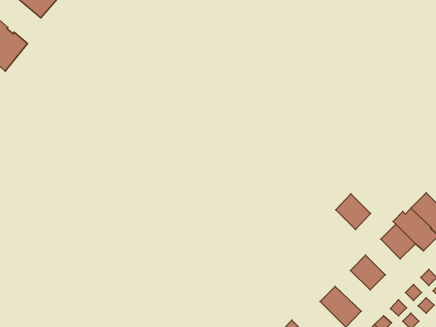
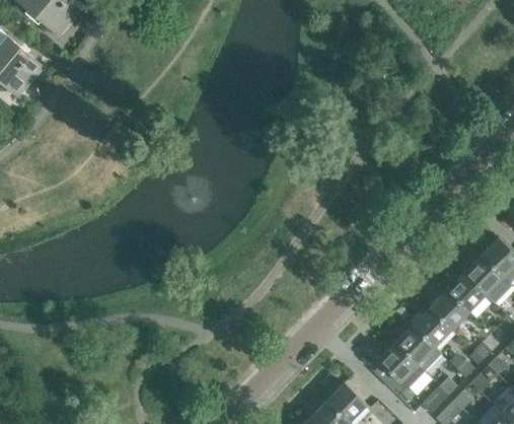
building: [336,194,370,229] -> [429,290,468,331]
building: none -> [394,326,434,365]

